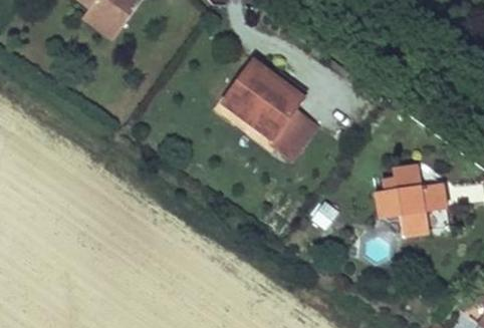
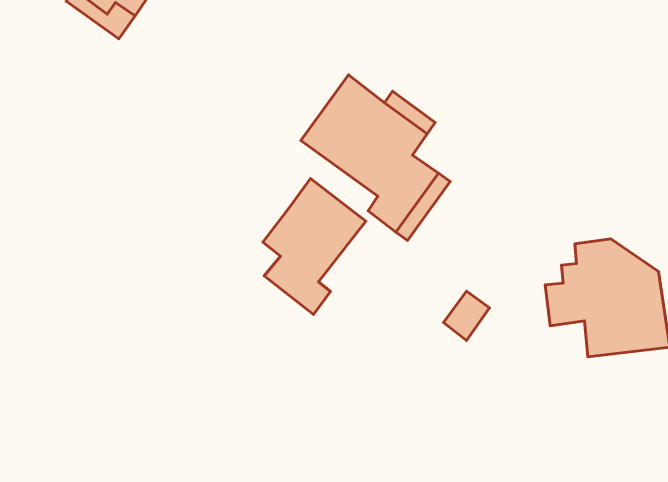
building: none -> [263,178,366,314]

